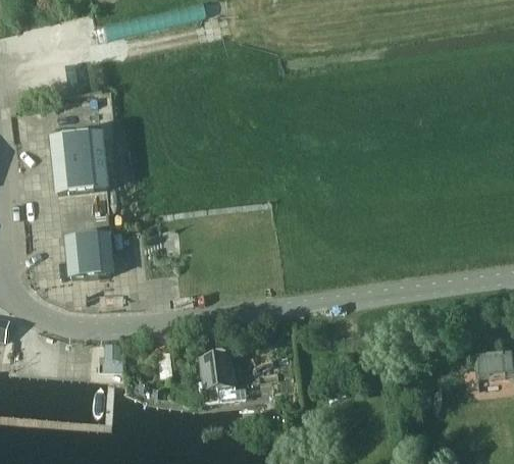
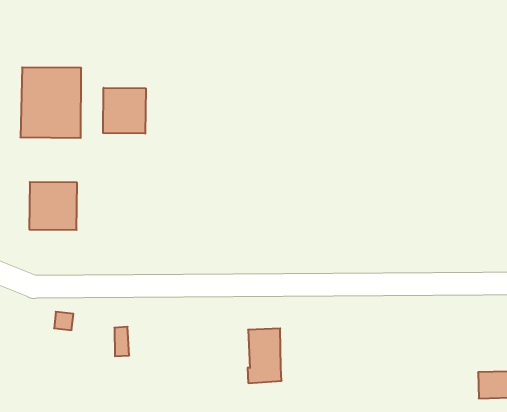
building: none -> [103,88,146,134]
building: [199,349,233,399] -> [248,328,282,383]

